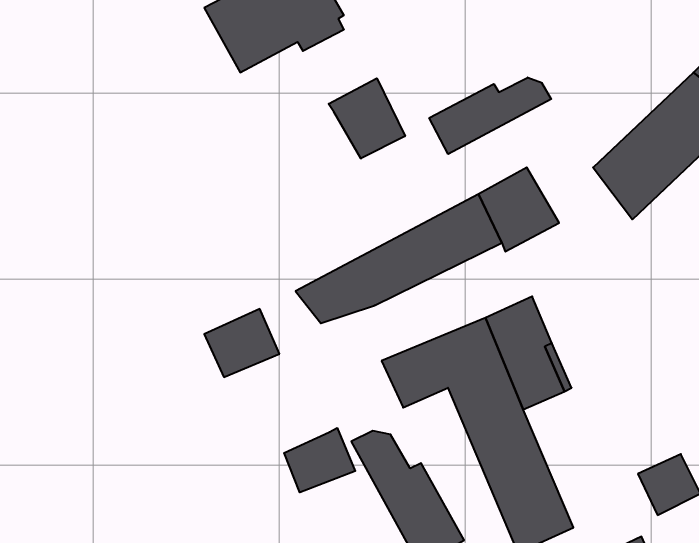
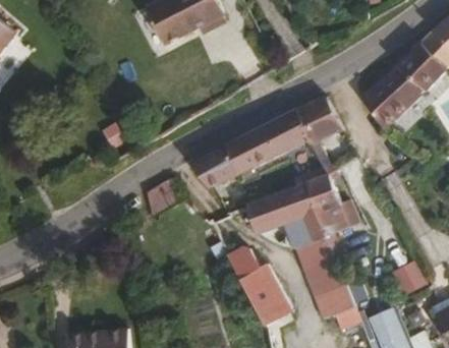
building: [429,77,551,154] -> none
building: [329,78,405,159] -> none
building: [284,428,355,492] -> none

